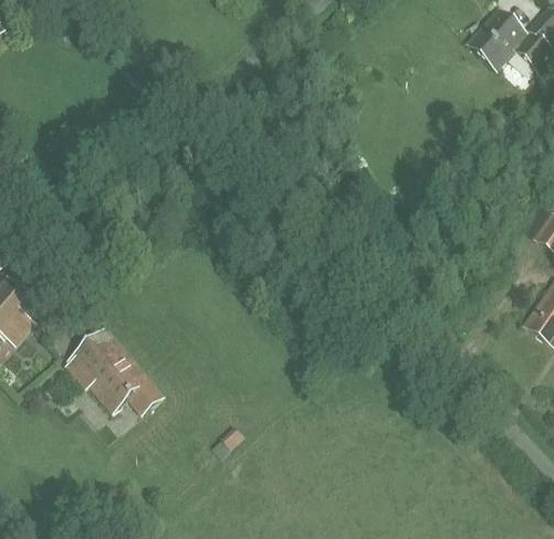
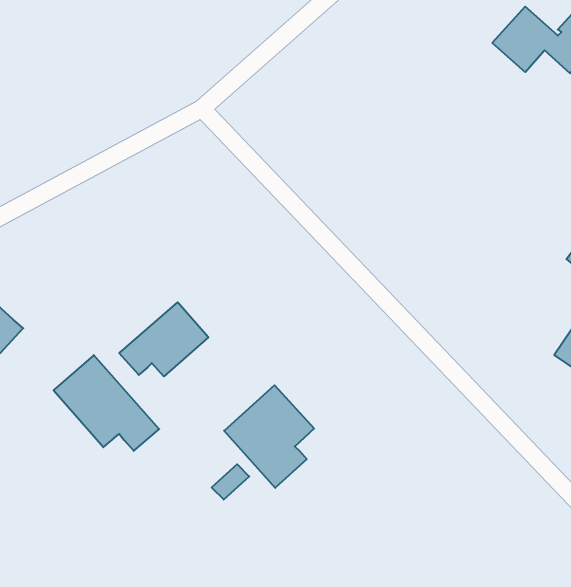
building: none -> [119,302,208,376]
building: none -> [224,385,314,488]

